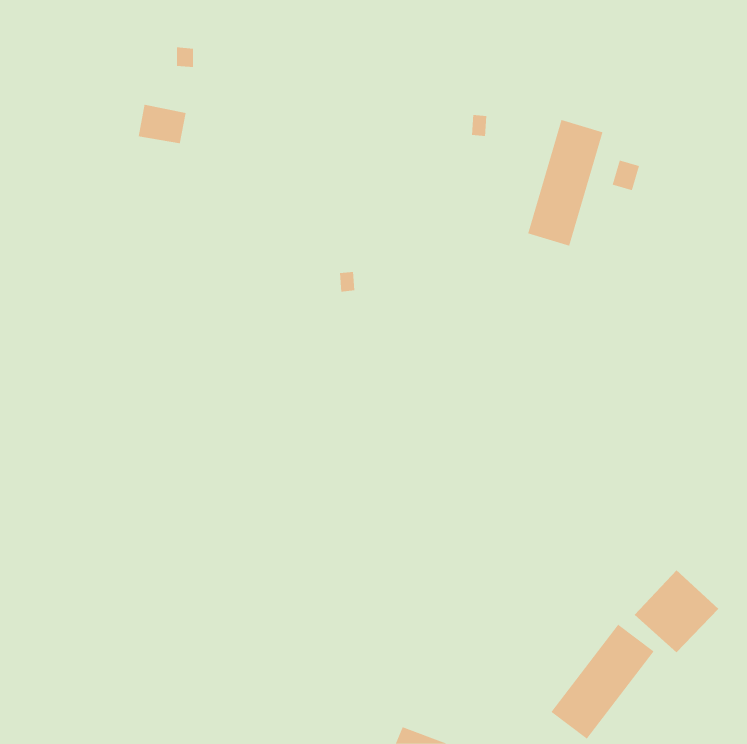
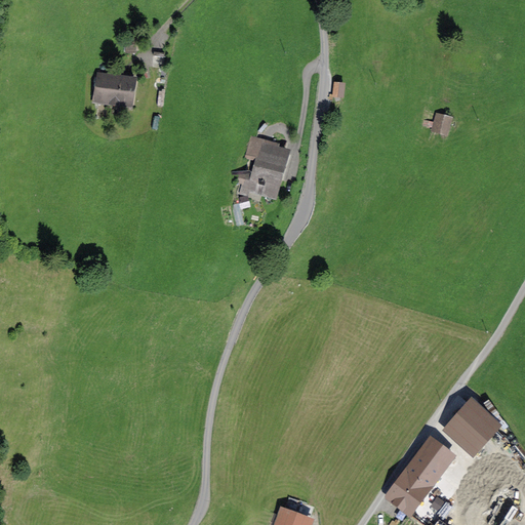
building: [528,119,603,246] -> none
building: none -> [249,145,280,191]

